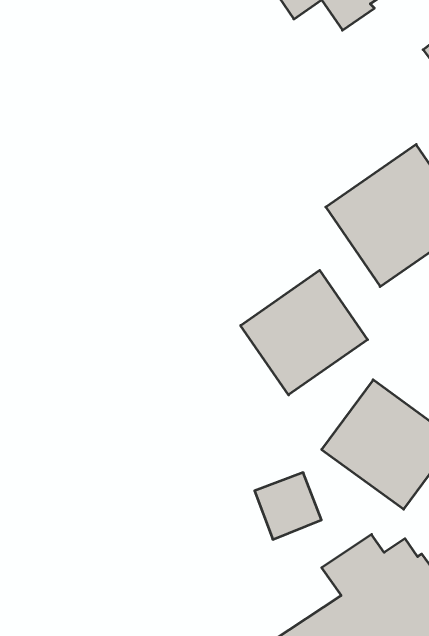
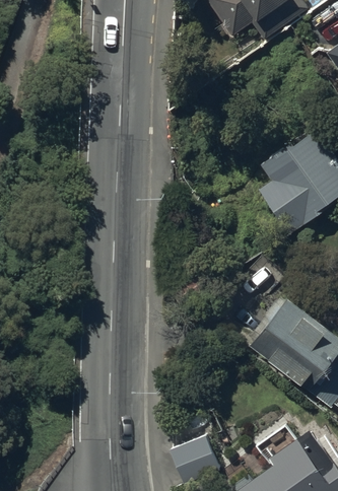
building: [241,270,368,395] -> none
building: [255,473,321,539] -> [171,432,219,481]

